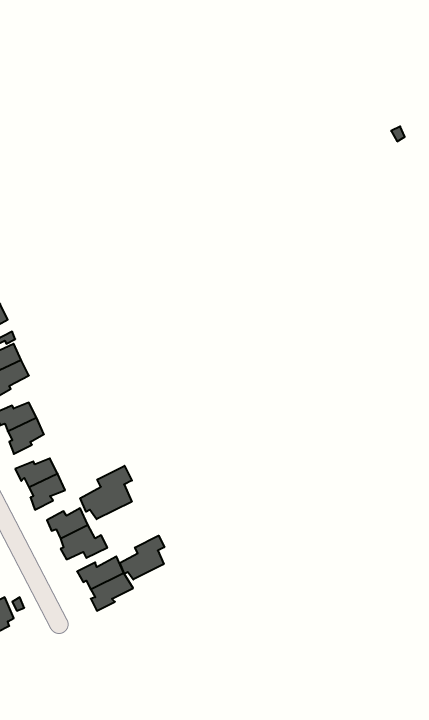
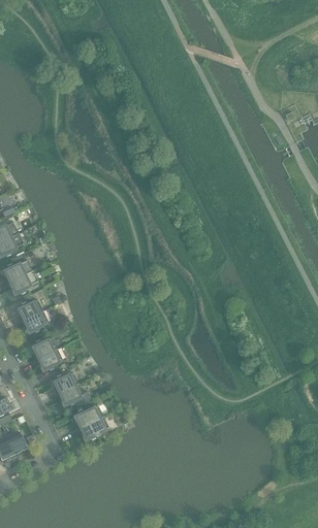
building: [80,466,132,519] -> none
building: [120,536,164,580] -> none

